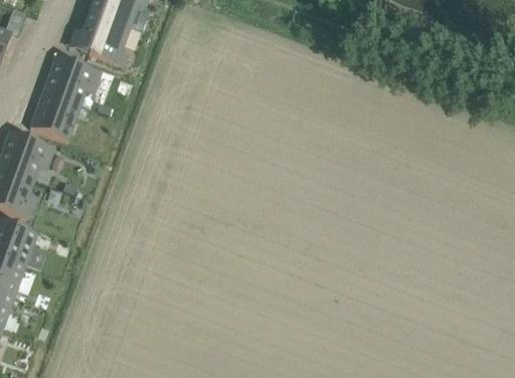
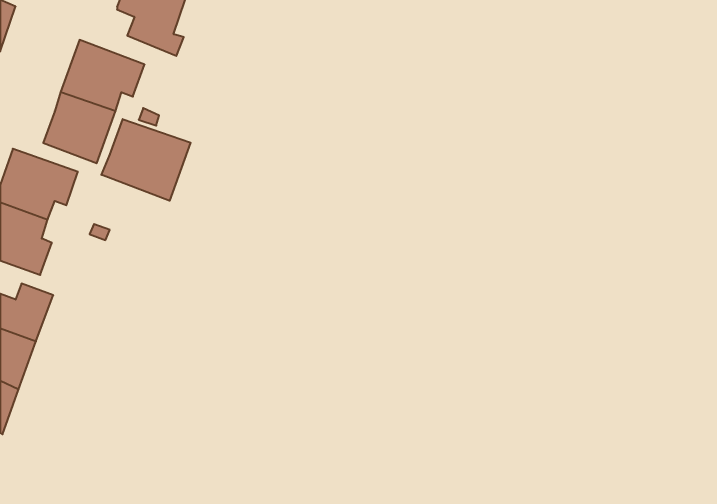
building: none -> [101,119,191,201]

